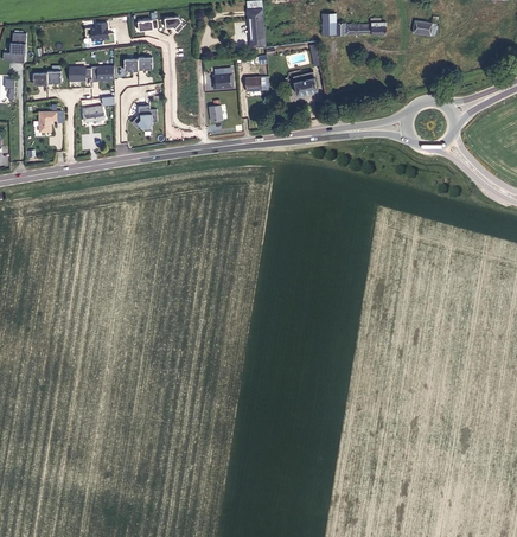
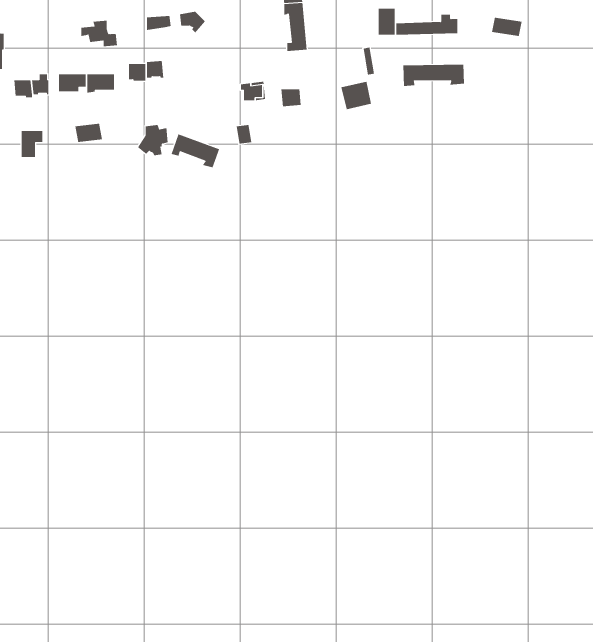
building: none -> [403,64,465,87]
building: none -> [171,134,220,168]

